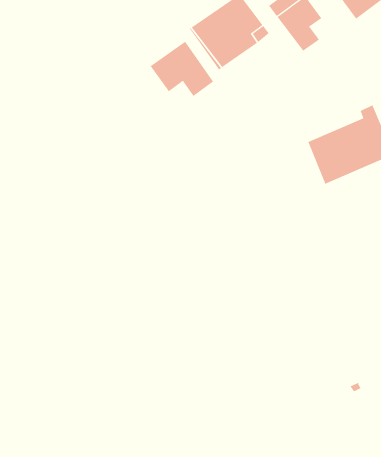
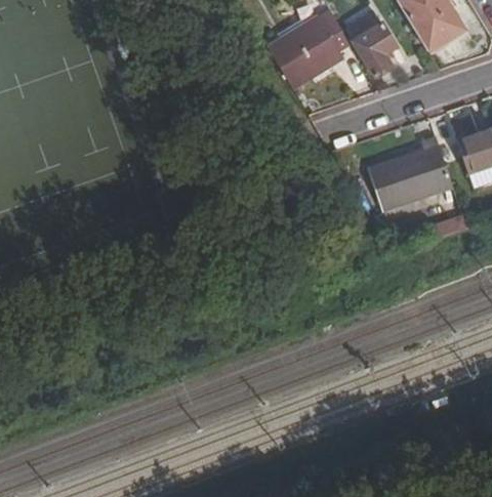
building: [150,41,214,97] -> none

